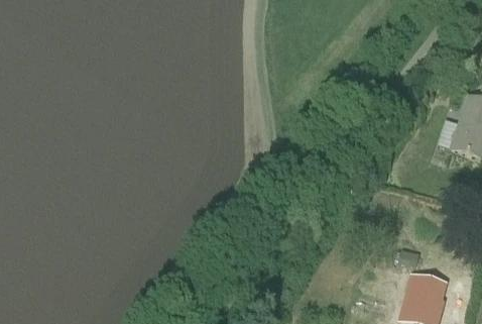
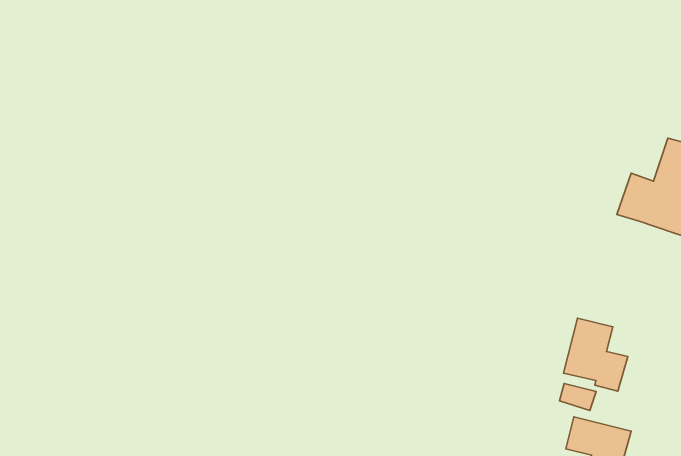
building: none -> [564,318,628,391]

